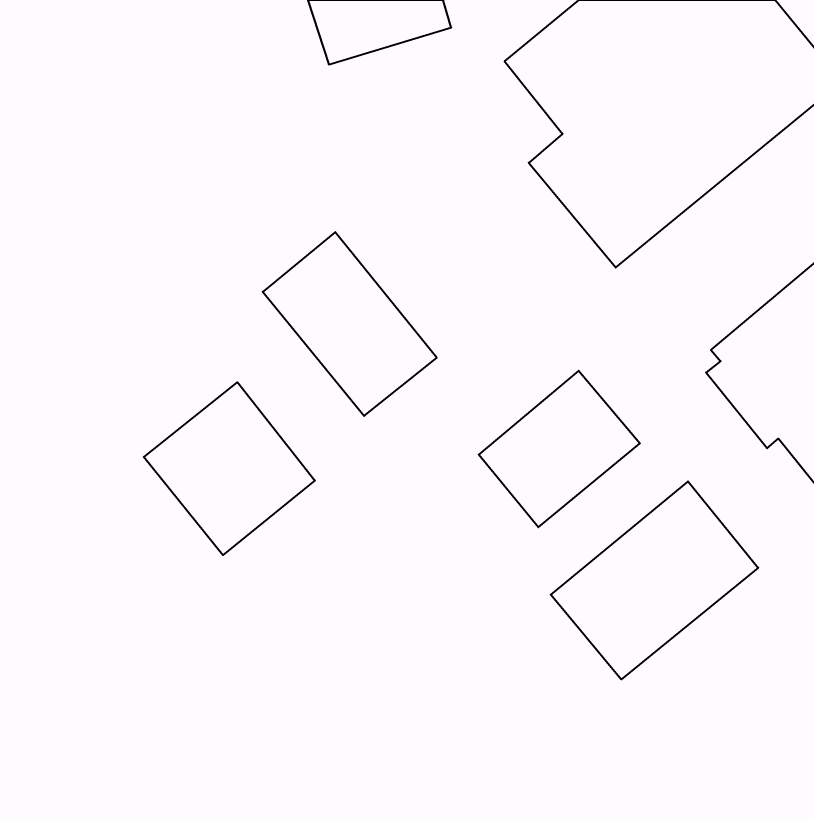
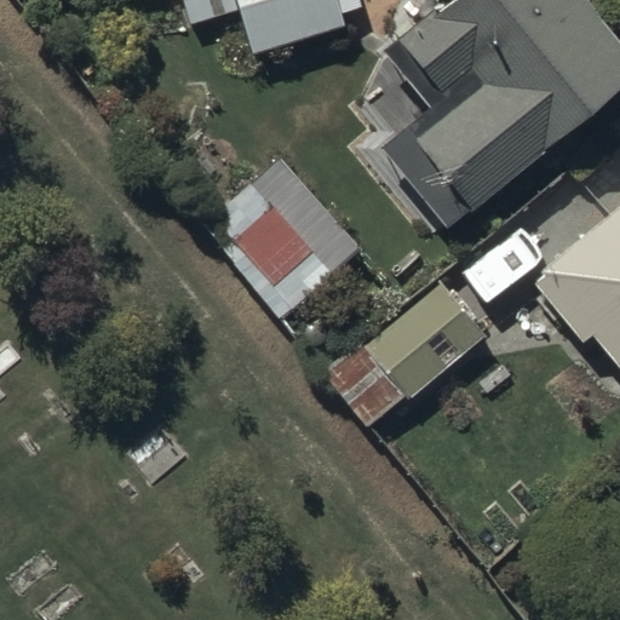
building: [144,382,315,555] -> none
building: [551,481,758,679] -> none

